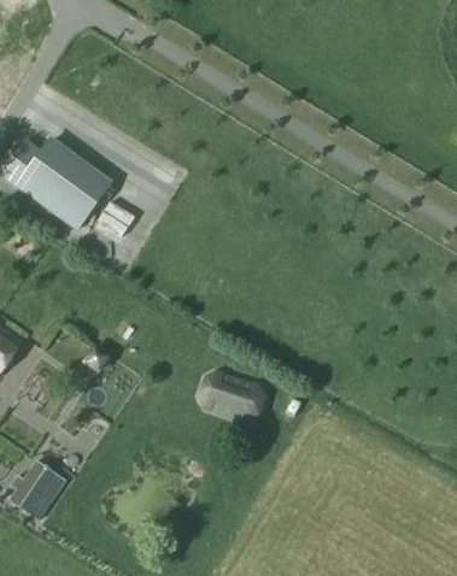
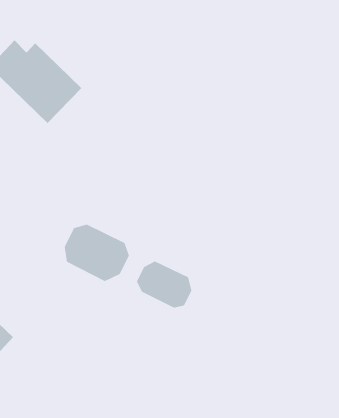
building: none -> [64,224,129,282]

